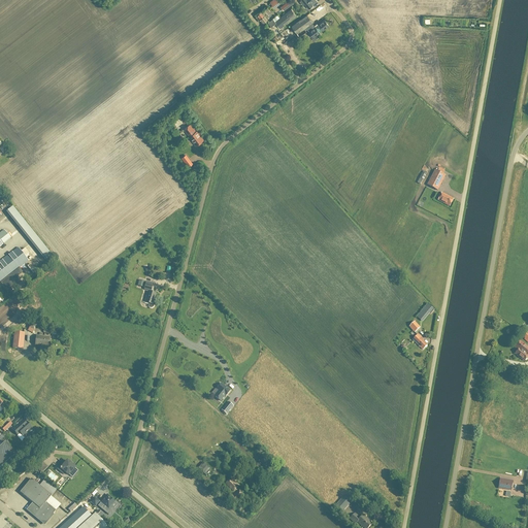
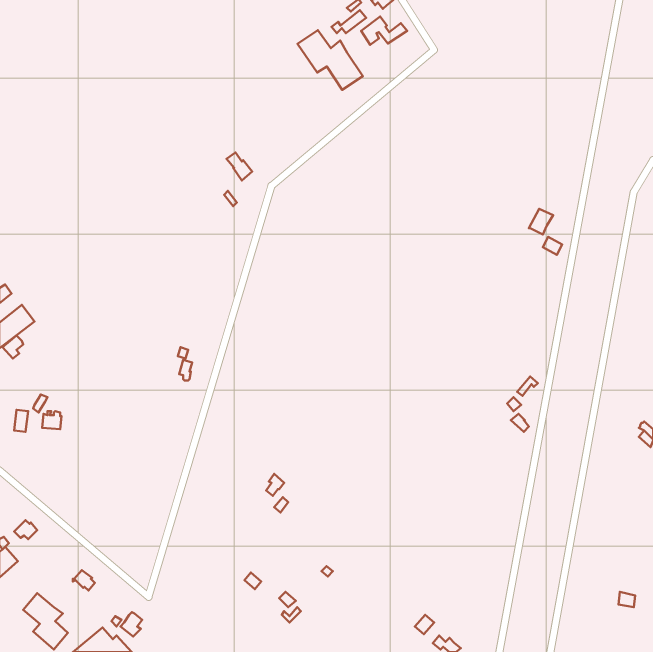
building: none -> [297,30,363,90]

